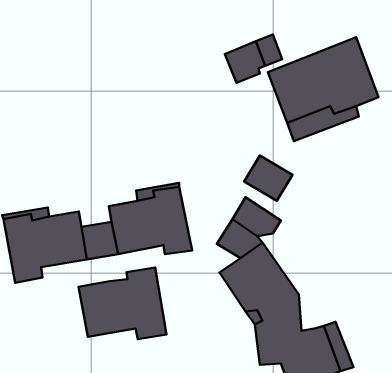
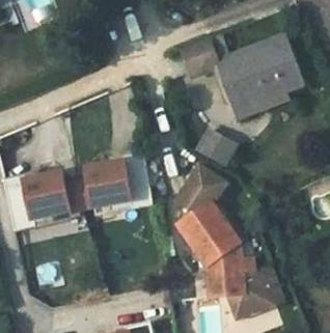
building: [79,268,166,339] -> none

